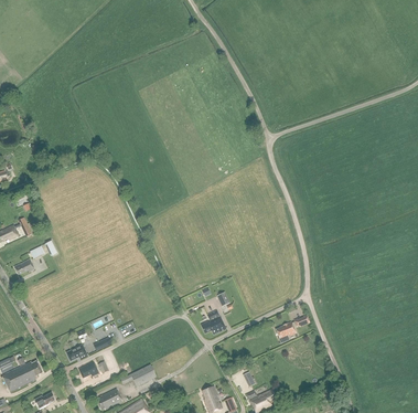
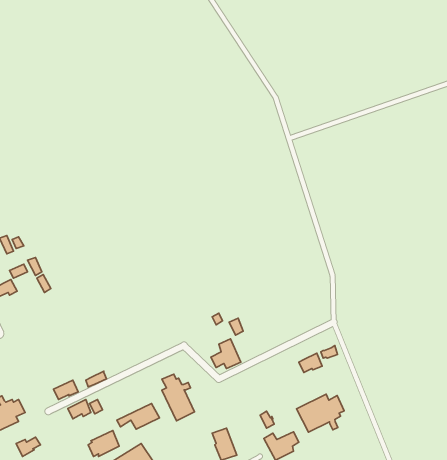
building: none -> [162,374,195,421]
building: none -> [296,394,344,432]

